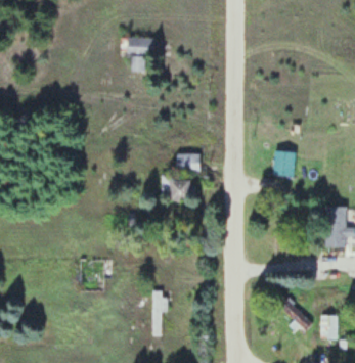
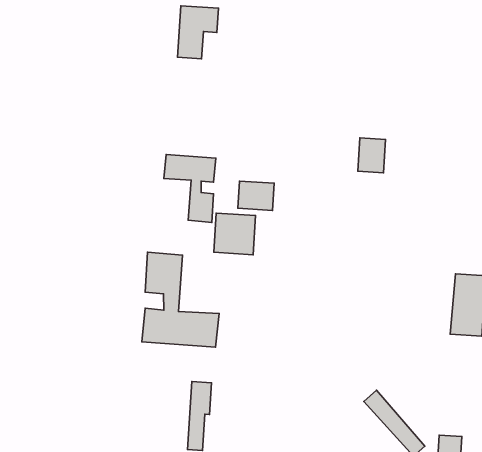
building: none -> [164,155,216,223]
building: [274,152,292,175] -> [358,138,386,173]
building: none -> [142,252,219,347]

